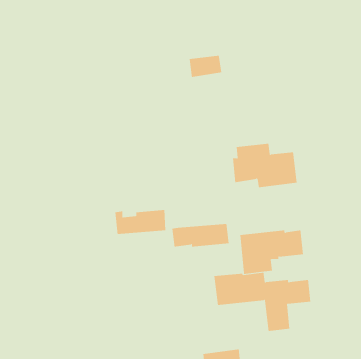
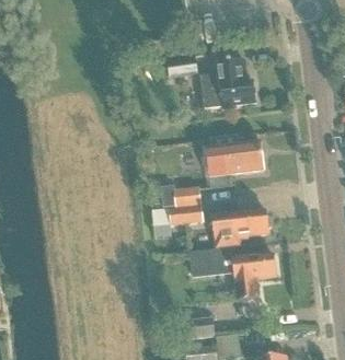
building: none -> [198,59,256,109]
building: [114,210,166,234] -> [156,186,202,208]

